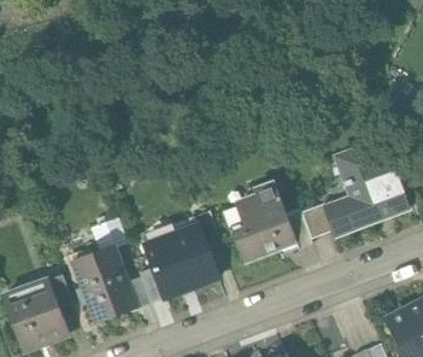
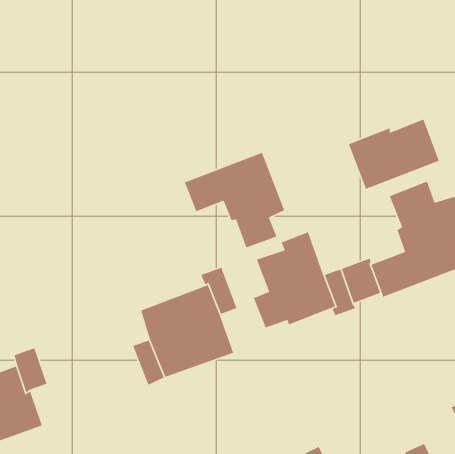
building: none -> [348,119,440,190]
building: none -> [184,152,285,249]
building: [71,245,137,323] -> none

